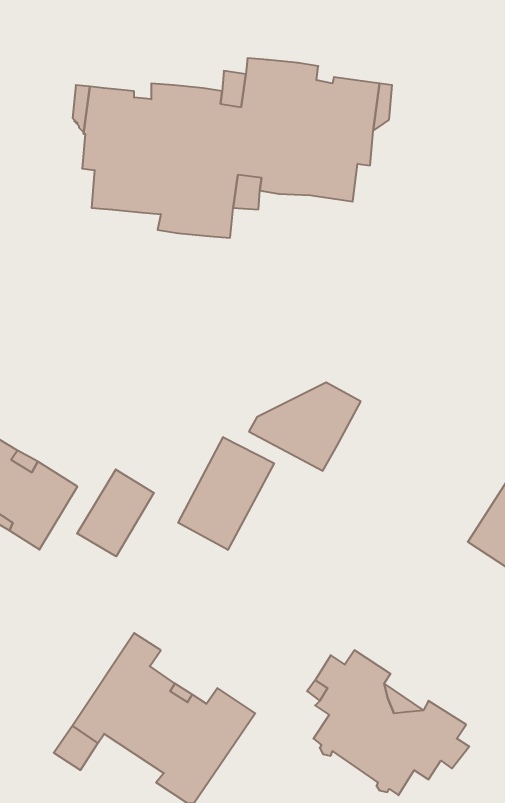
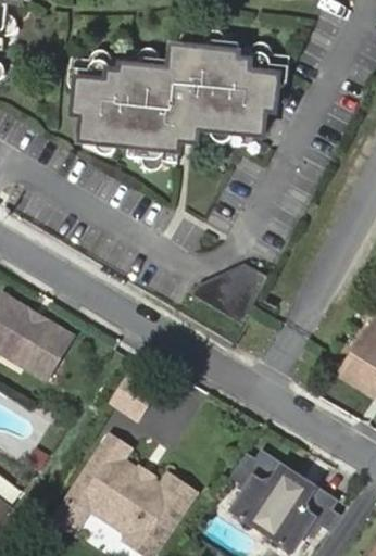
building: [178,437,274,550] -> none
building: [77,469,154,556] -> none

